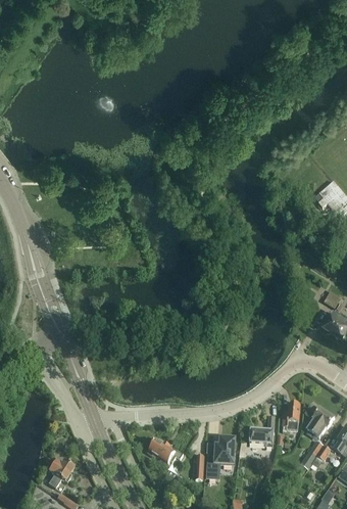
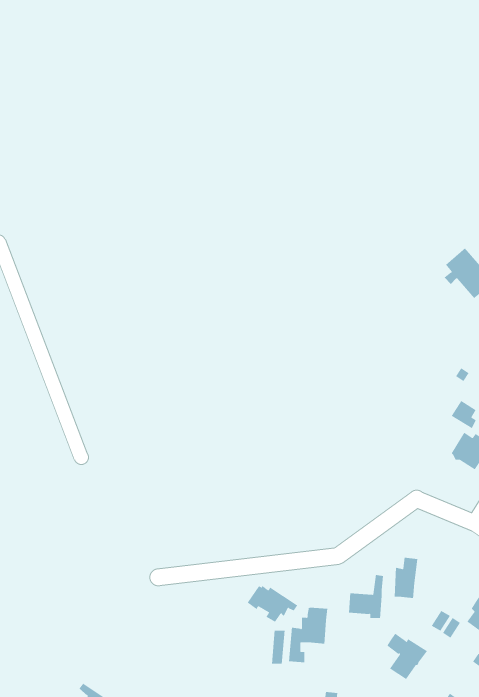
building: [304,404,334,437] -> [386,633,428,680]
building: [146,439,183,466] -> [247,586,298,623]
building: [47,459,73,488] -> none

